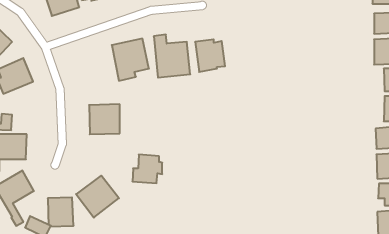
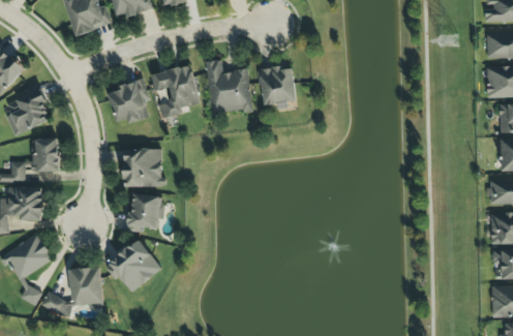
building: none -> [108,81,150,123]
building: none -> [31,139,59,172]
building: [132,155,162,183] -> [125,194,163,231]

